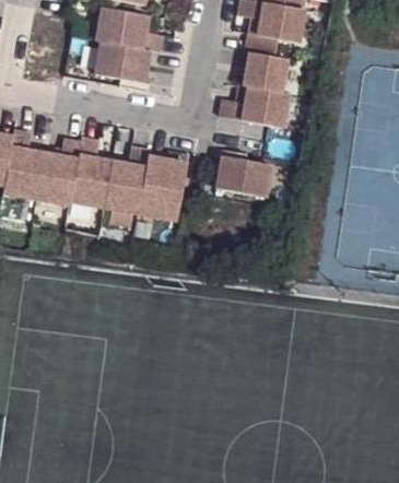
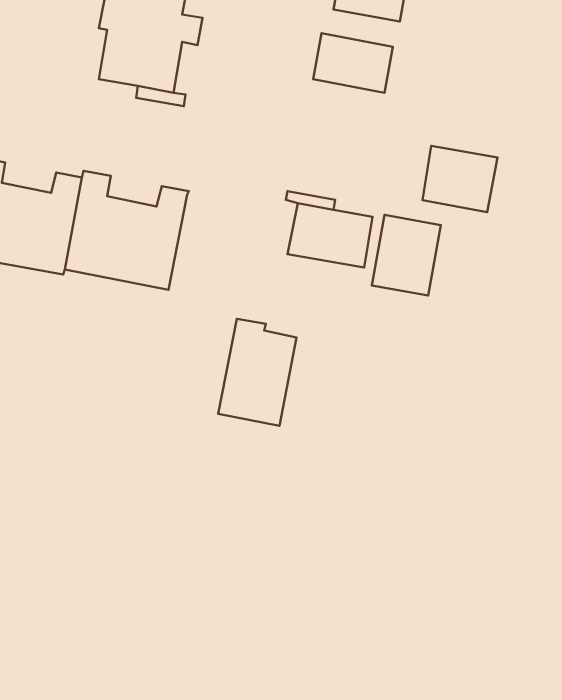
building: [236,81,284,123] -> [423,146,497,212]
building: [140,153,190,222] -> [218,319,296,426]
building: none -> [372,215,441,296]

